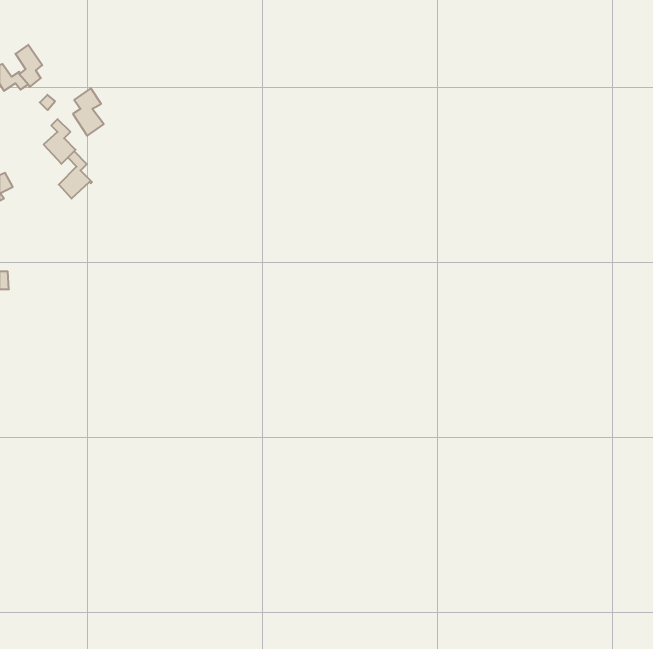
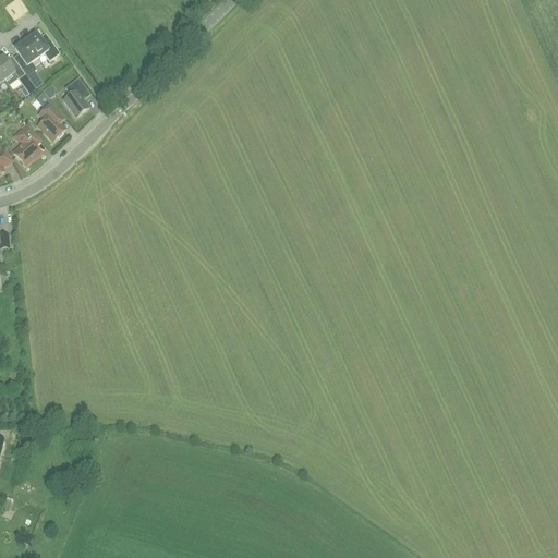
building: none -> [24,31,59,59]
building: [59,151,92,199] -> [12,123,40,163]

